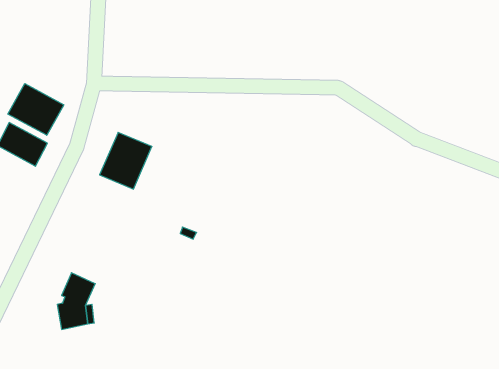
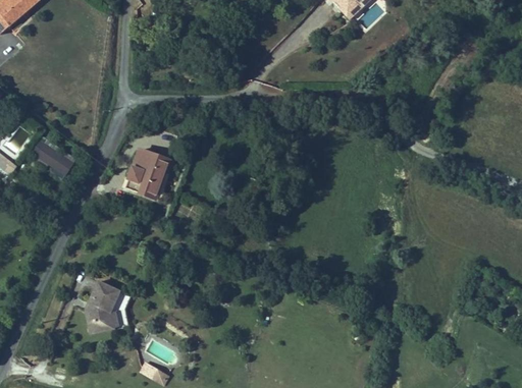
building: [8,84,64,135] -> none

